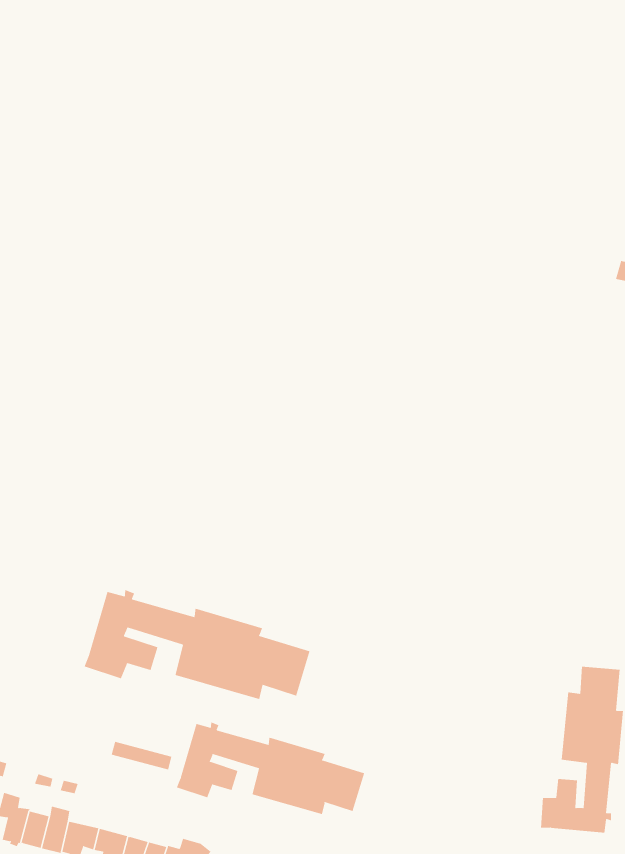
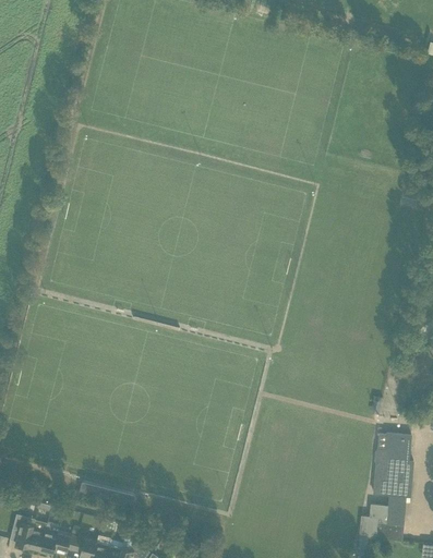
building: [84,589,310,700] -> none
building: [176,721,365,815] -> none

